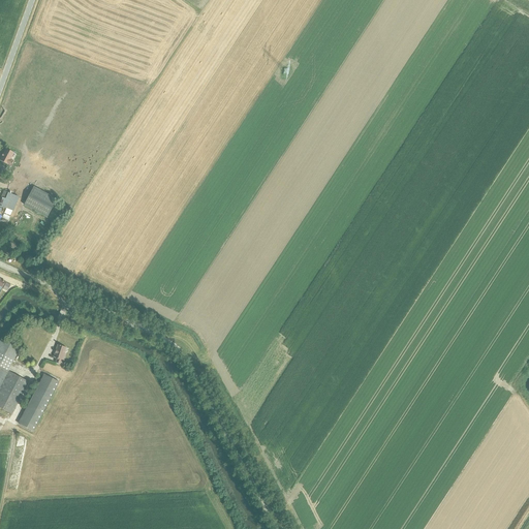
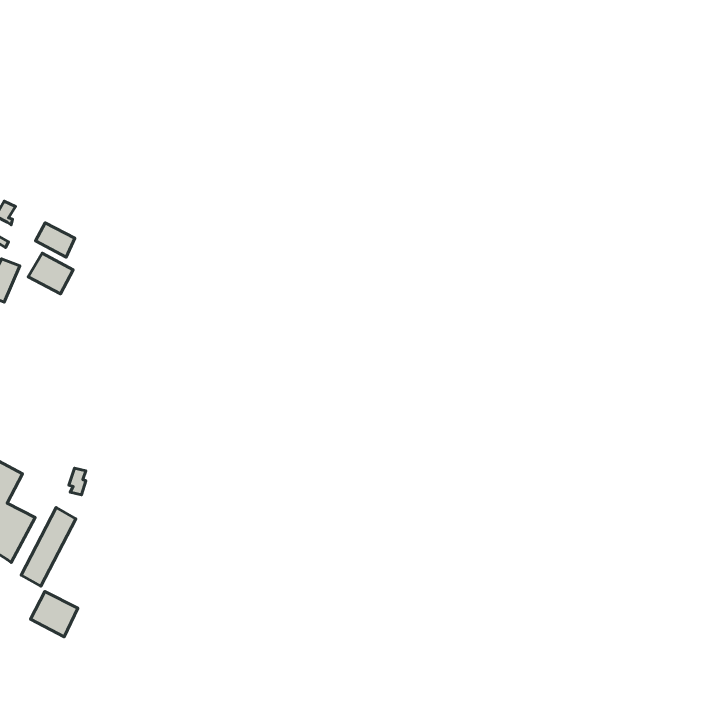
building: none -> [36,223,75,257]
building: none -> [31,592,78,637]

